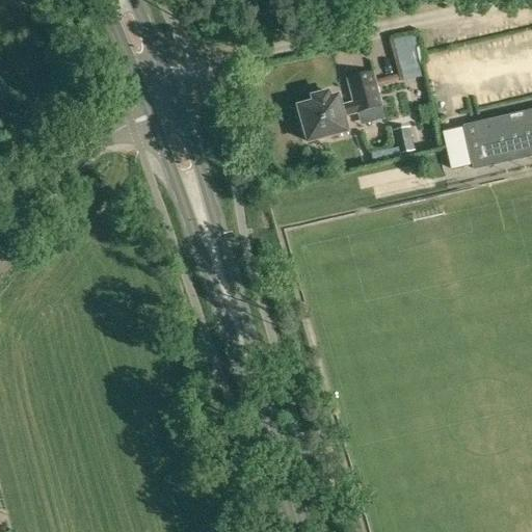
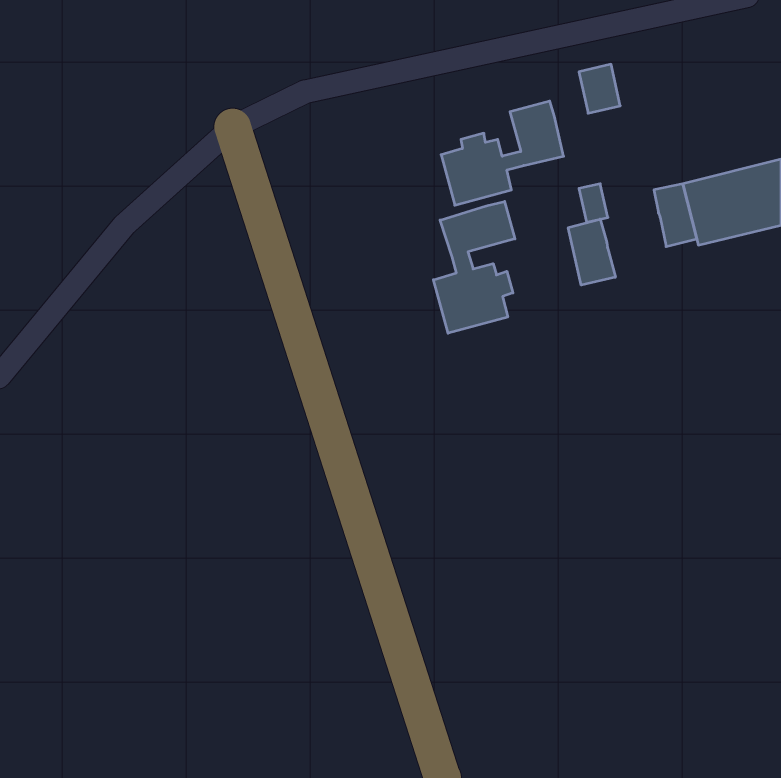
building: none -> [433,201,515,333]
building: none -> [568,219,615,285]

